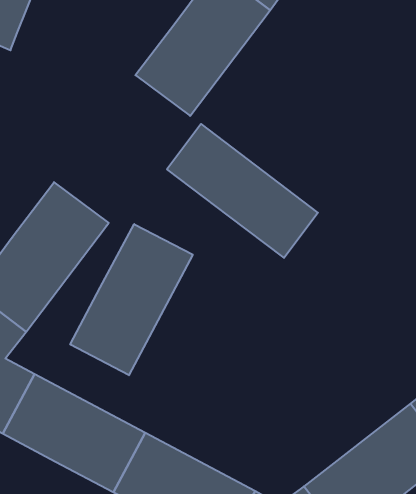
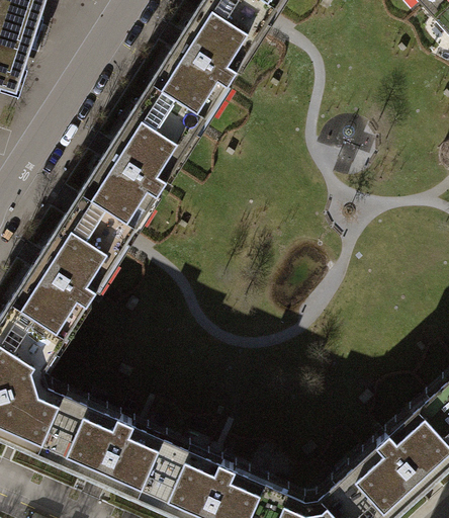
building: none -> [70,102,196,247]
building: [167,124,318,258] -> none
building: [70,224,193,375] -> none

